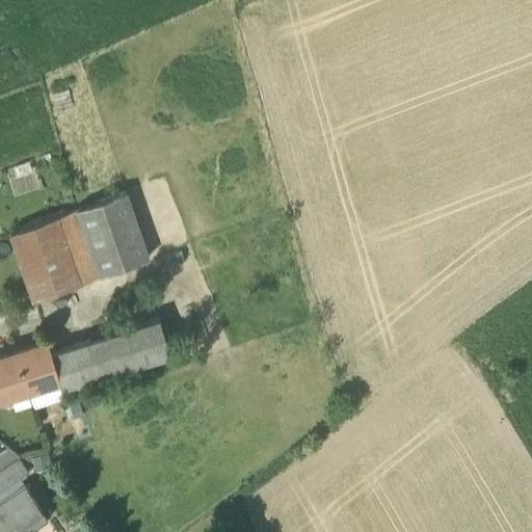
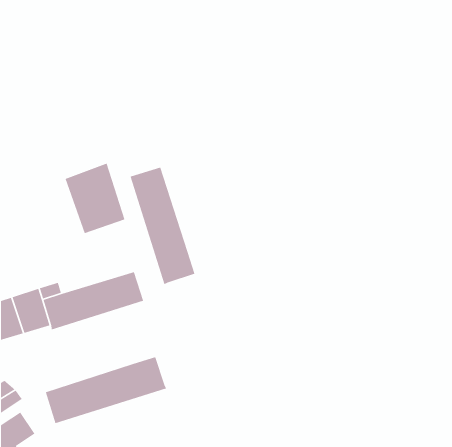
building: none -> [130,167,195,285]
building: [10,214,99,304] -> none
building: none -> [45,356,167,424]

